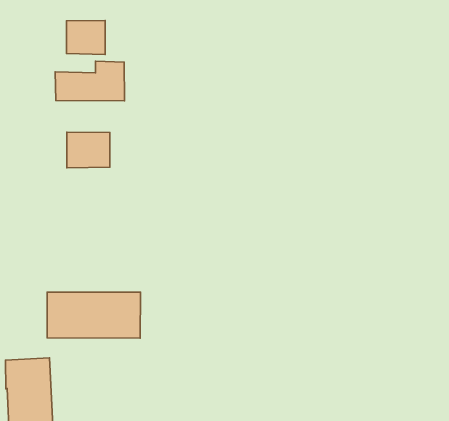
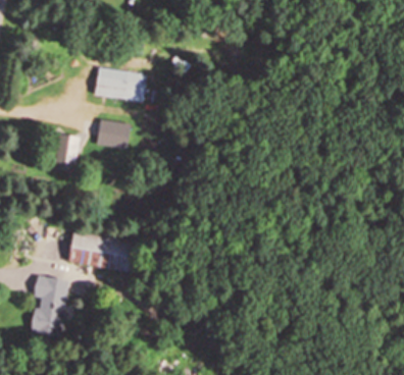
building: [67,21,105,55] -> none
building: none -> [54,133,79,170]

